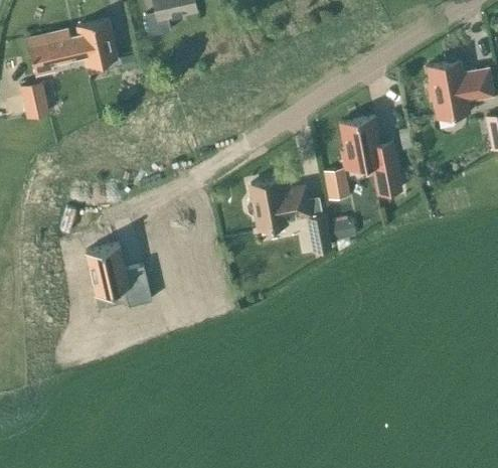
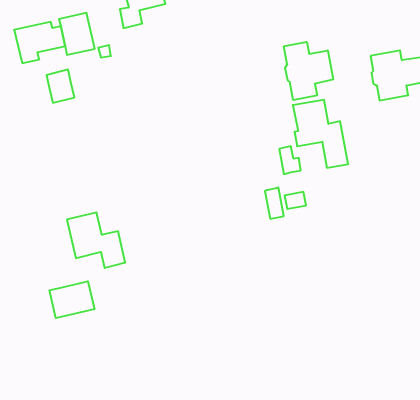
building: none -> [284,42,333,100]
building: [20,80,51,117] -> [47,70,74,103]
building: [247,180,310,230] -> none
building: none -> [49,281,94,318]

